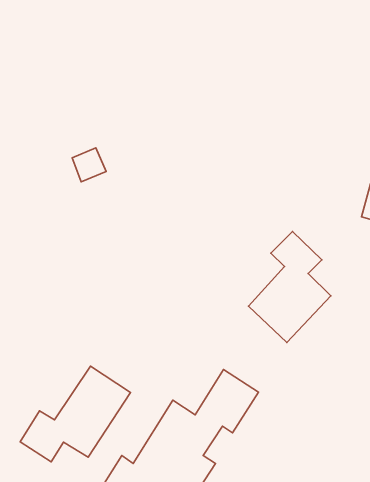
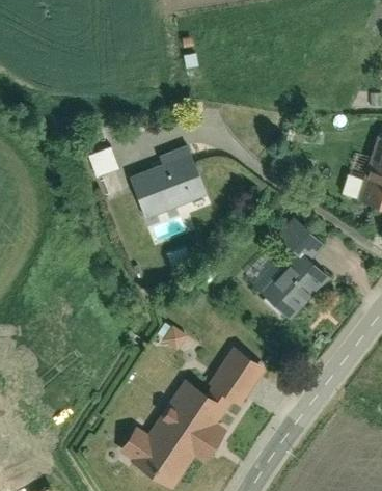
building: none -> [131,147,206,219]
building: [20,366,130,462] -> none

